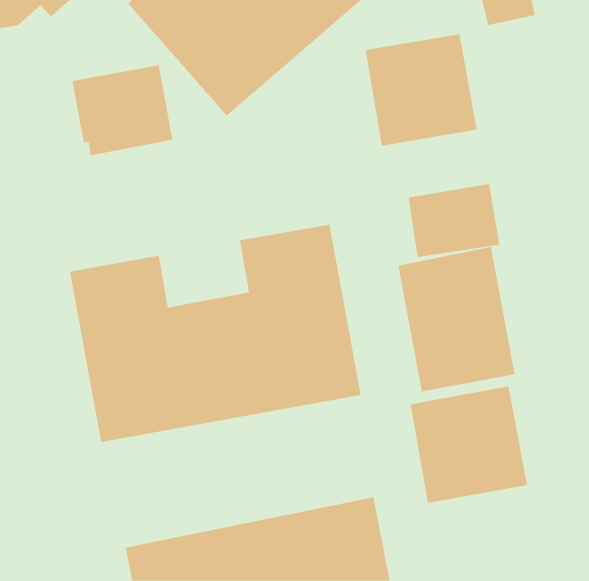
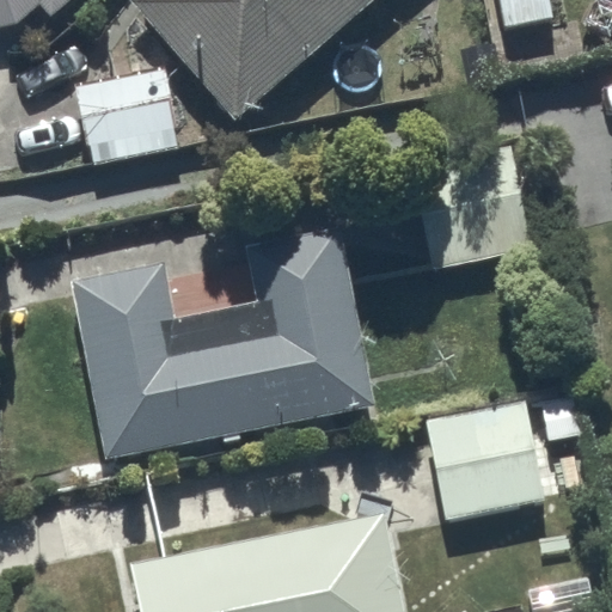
building: [365,33,477,146] -> none
building: [398,246,515,392] -> none

